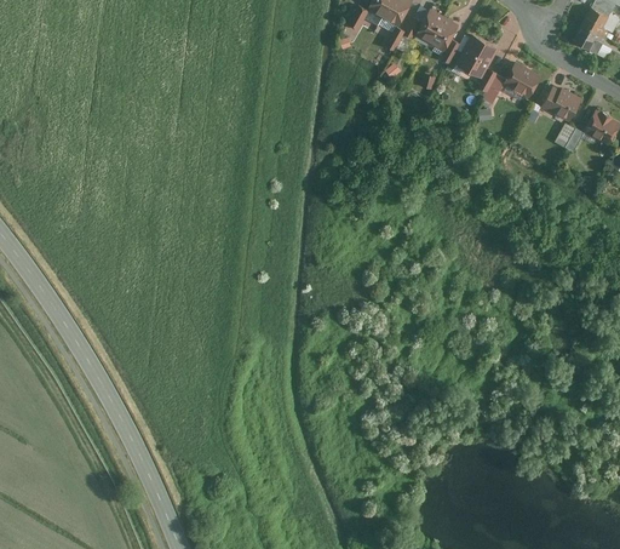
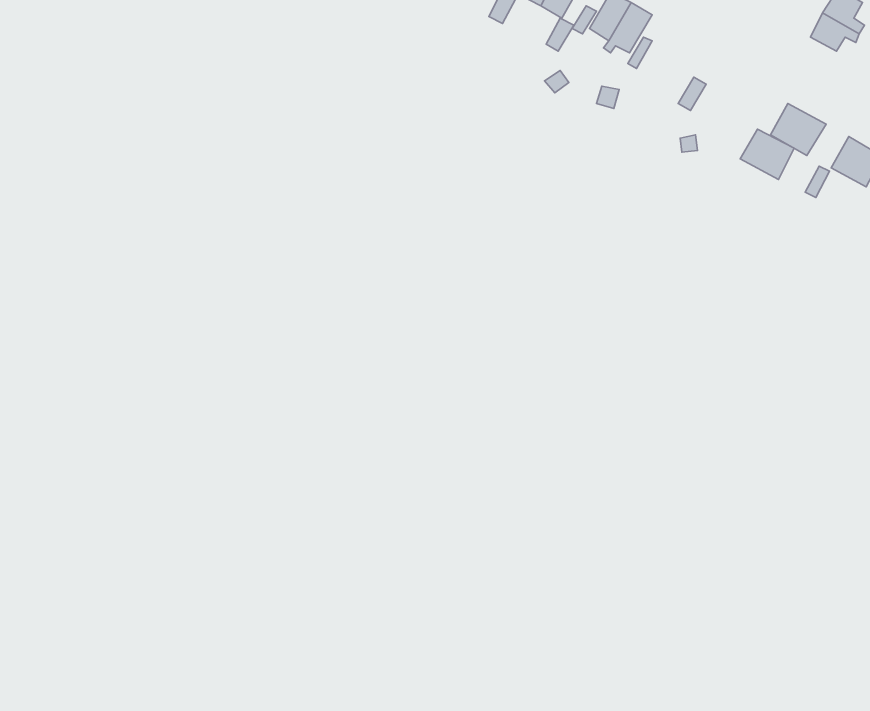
building: [454,34,496,76] -> none
building: [503,62,540,97] -> [740,129,794,180]

